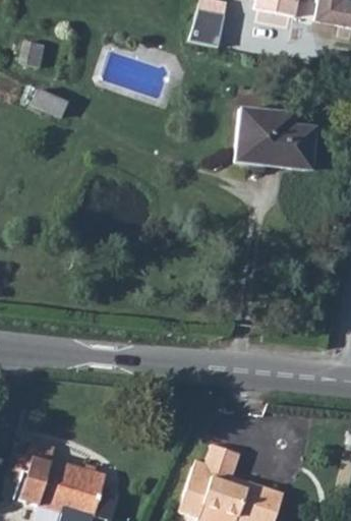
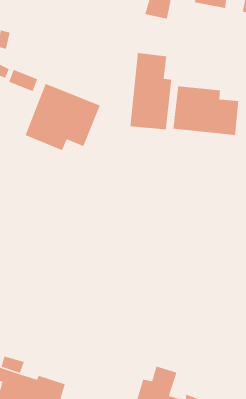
building: none -> [129,52,172,130]
building: none -> [25,83,101,151]

